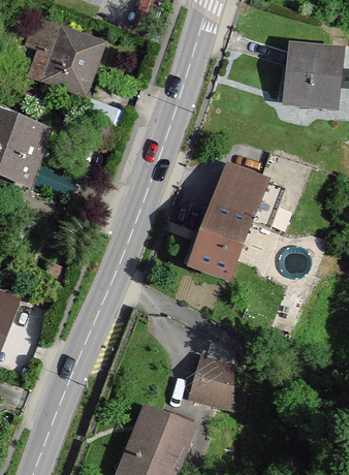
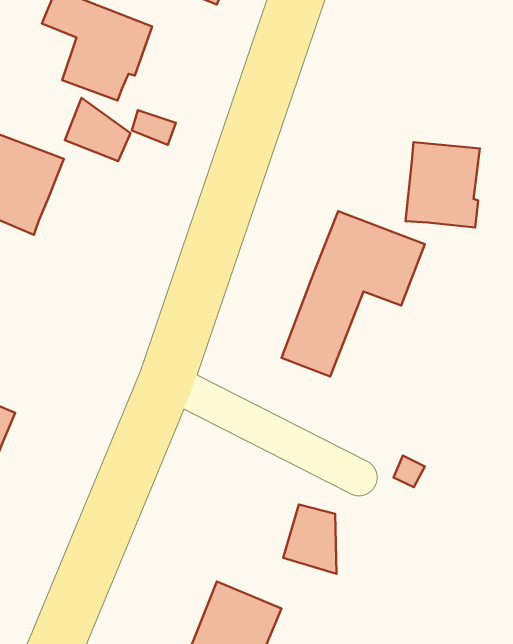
building: [286,45,335,101] -> [406,142,480,227]
building: none -> [65,98,130,161]

